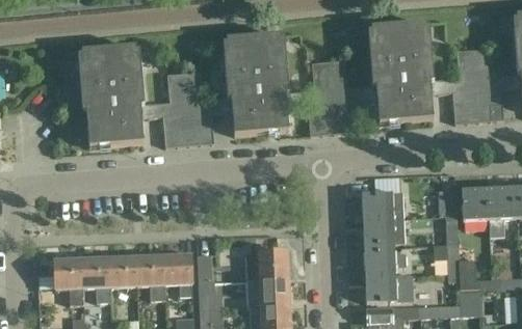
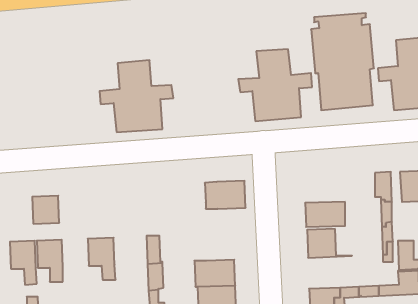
building: [224,33,288,134] -> none
building: [79,46,143,146] -> none
building: [361,191,403,219] -> none
building: [245,250,288,279] -> [205,181,246,209]
building: [162,253,191,296] -> none
building: [108,256,136,285] -> [32,196,59,224]
building: [365,274,412,302] -> none

